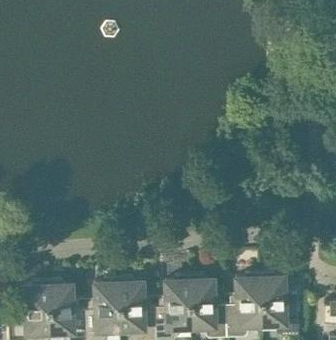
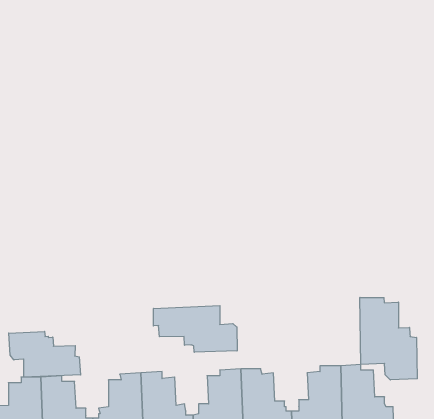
building: none -> [360,297,417,380]
building: none -> [153,306,237,352]
building: none -> [9,331,81,377]

